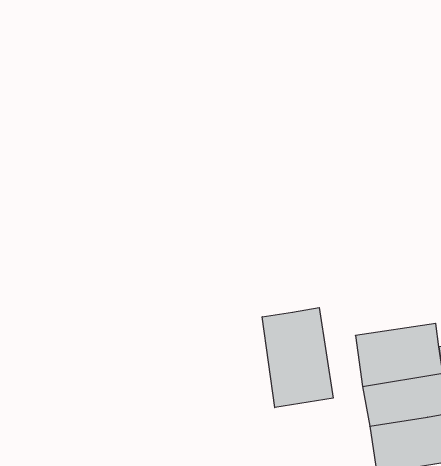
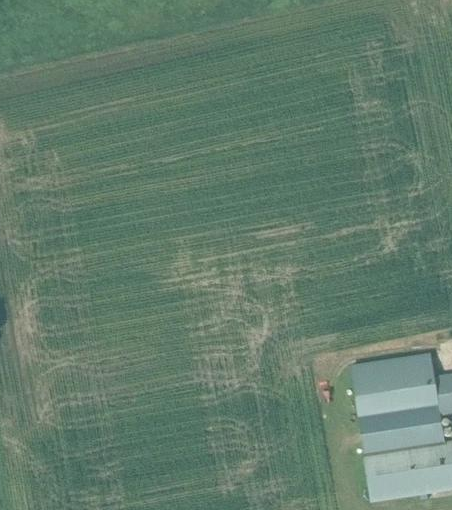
building: [262,308,333,408] -> none

